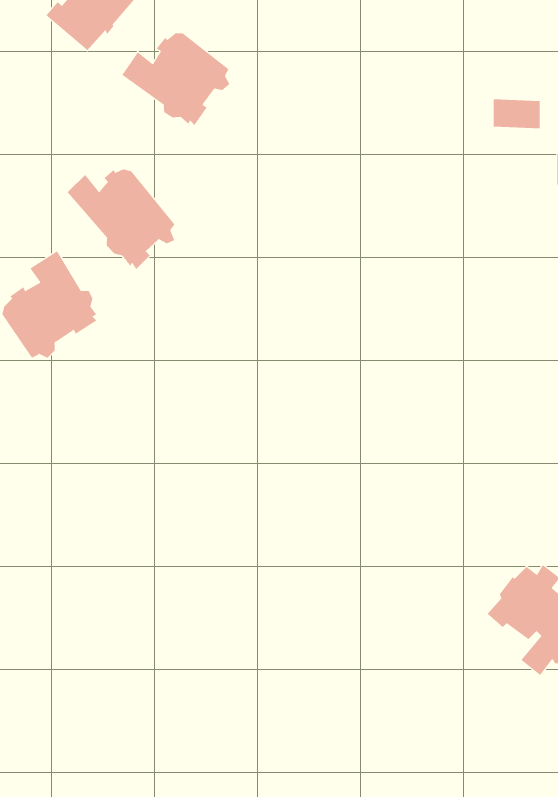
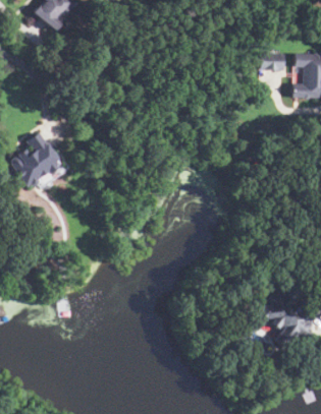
building: [121,32,230,126] -> none
building: [67,169,175,270] -> none

